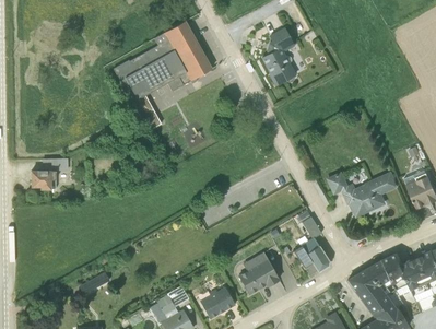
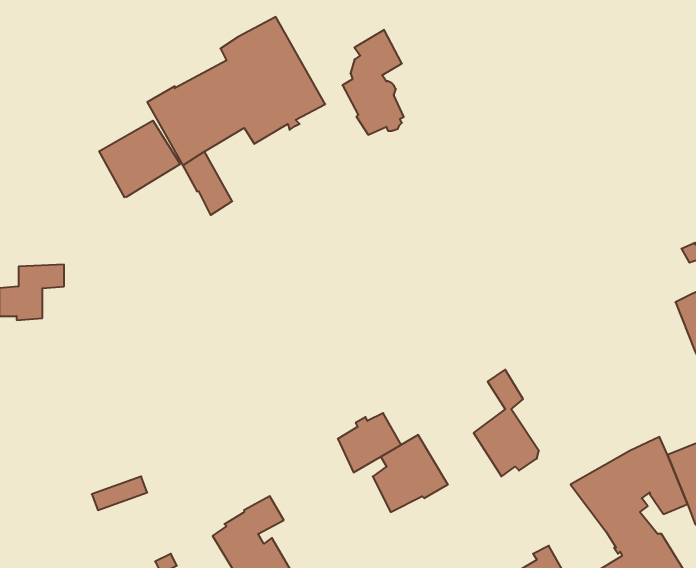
building: [262,27,296,85] -> [342,30,404,135]
building: none -> [99,121,180,197]
building: [328,172,396,216] -> none
building: [200,287,235,320] -> [338,413,401,472]

